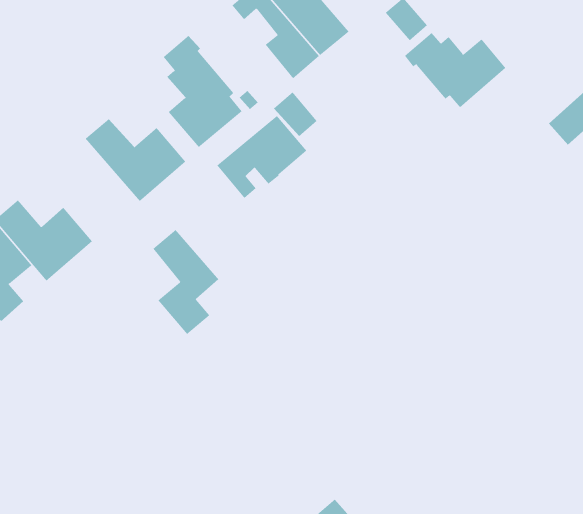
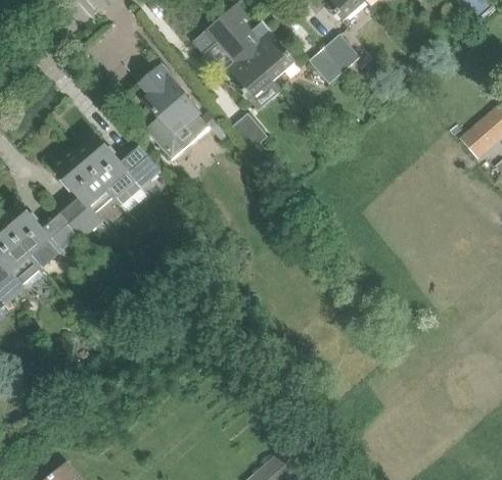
building: none -> [310,47,346,84]
building: [404,32,506,108] -> none
building: [217,115,307,199] -> none
building: [152,229,233,335] -> [53,149,121,237]

